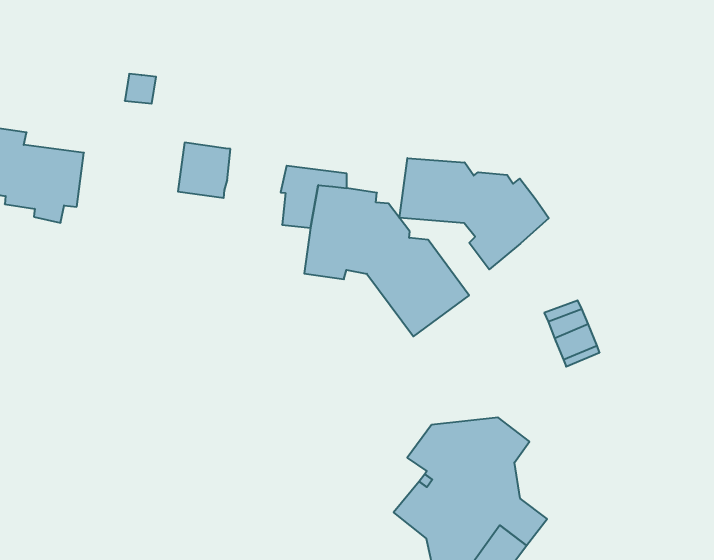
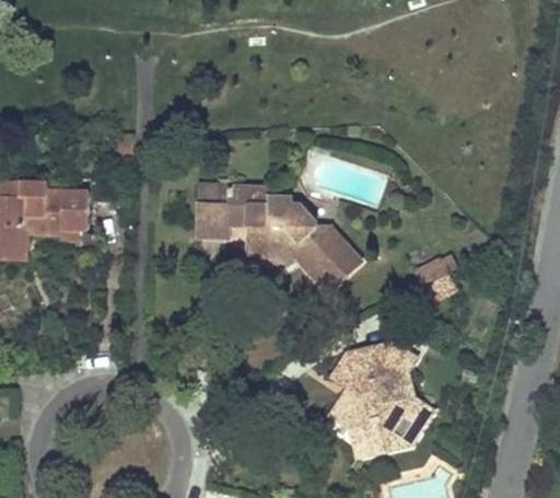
building: [178,143,230,198] -> [197,204,230,239]
building: [399,158,549,269] -> none

